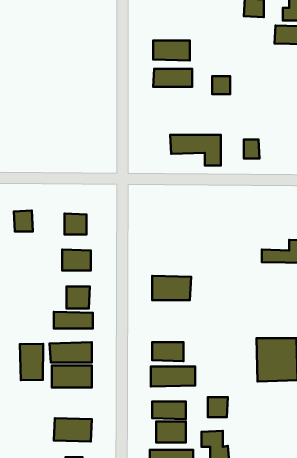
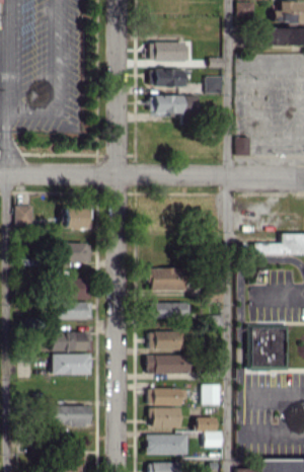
building: [170,135,221,165] -> [150,95,199,125]
building: none -> [151,302,187,319]
building: [20,344,43,380] -> none

